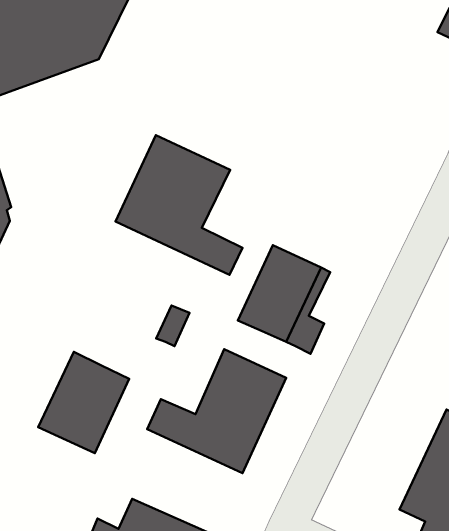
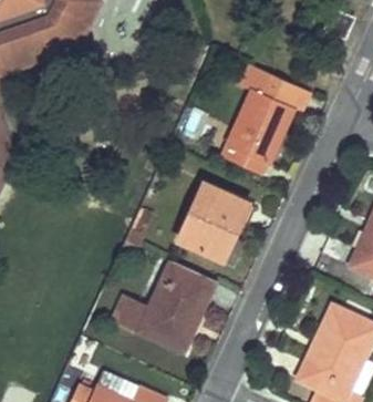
building: none -> [227,65,311,164]
building: [116,135,243,275] -> none
building: [38,352,129,453] -> none

